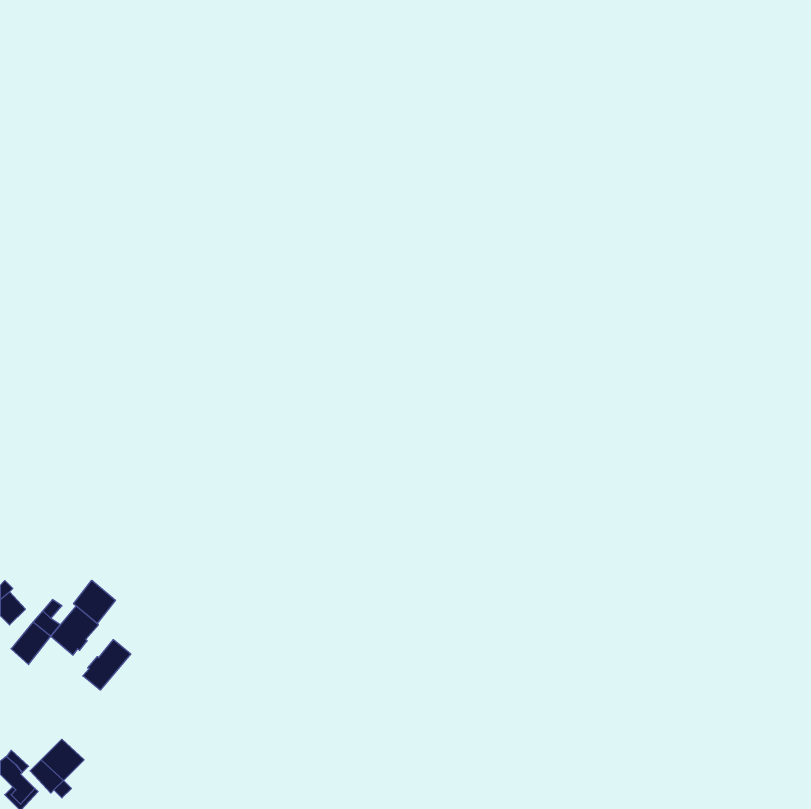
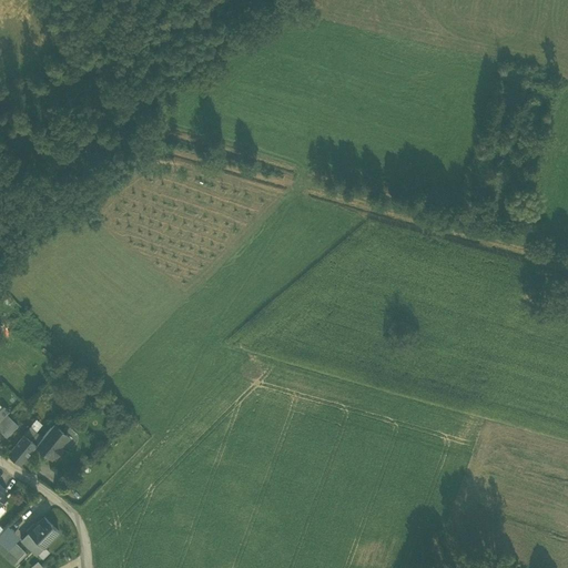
building: [74,580,115,623] -> none
building: [83,640,131,690] -> none

